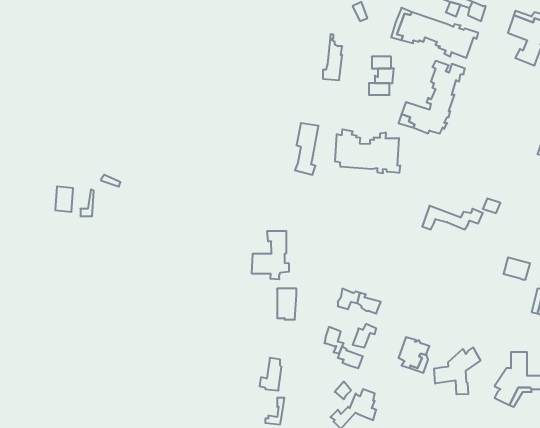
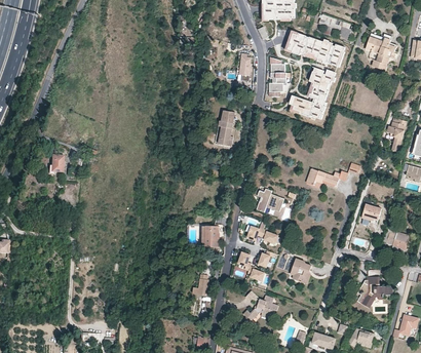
building: [335,129,400,173] -> none
building: [252,231,289,279] -> none
building: none -> [256,188,283,211]
building: [434,347,480,394] -> none

